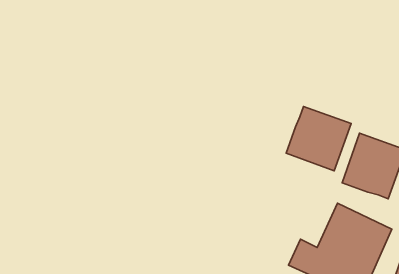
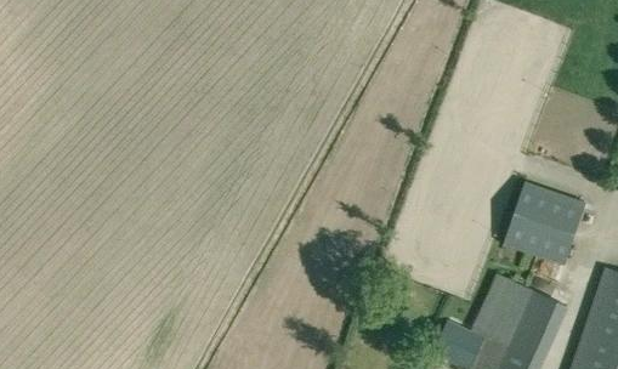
building: [286,106,351,171] -> none

